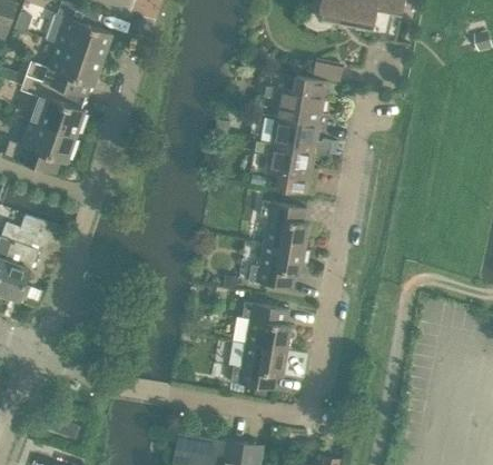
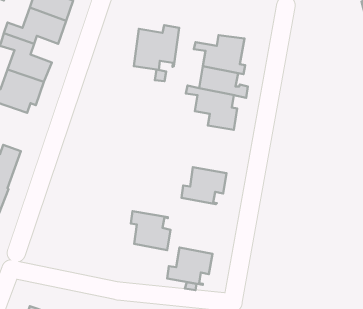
building: none -> [134,25,179,70]
building: [259,201,309,250] -> none
building: [241,303,292,352] -> [131,211,171,250]

